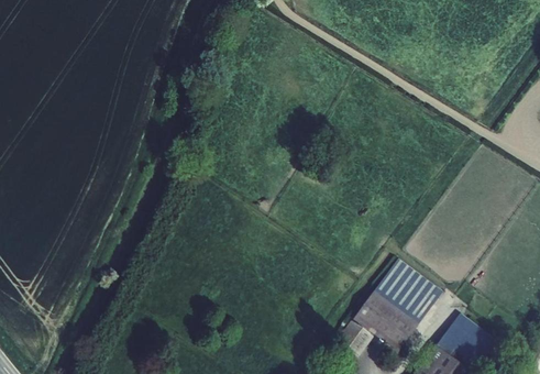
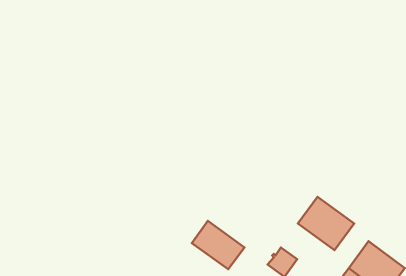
building: [353,290,418,350] -> [192,221,244,269]

